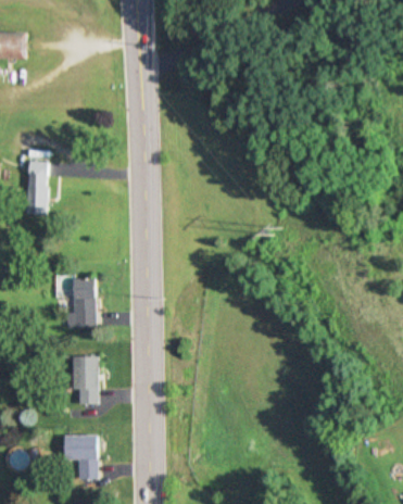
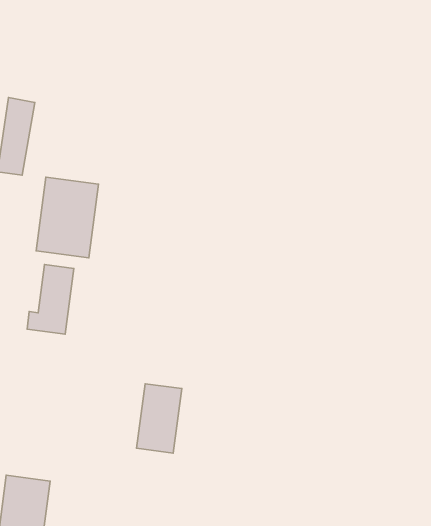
building: none -> [36,177,99,258]
building: [71,356,98,404] -> [137,384,182,453]

